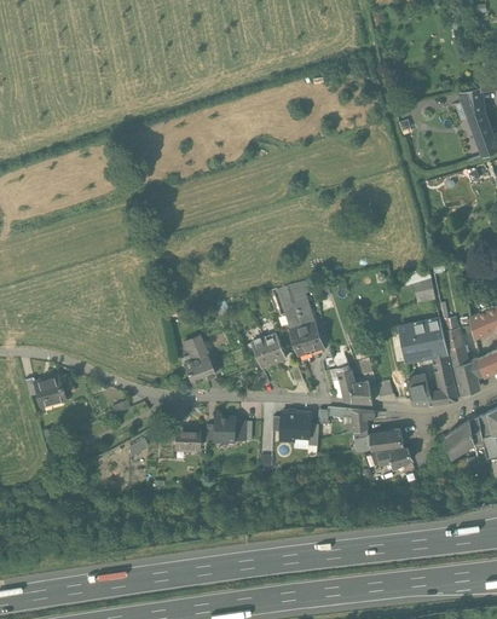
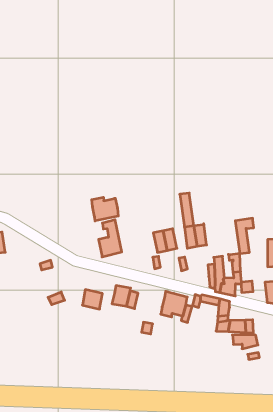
building: [289,276,314,324] -> [235,218,254,254]
building: none -> [92,197,118,221]

